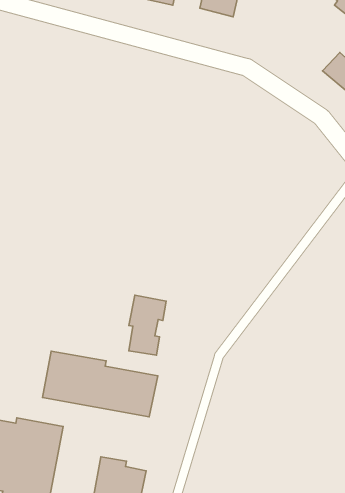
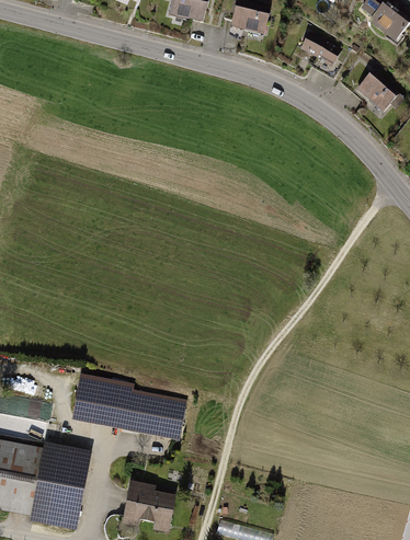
building: none -> [299,31,342,67]
building: [129,295,166,355] -> none

